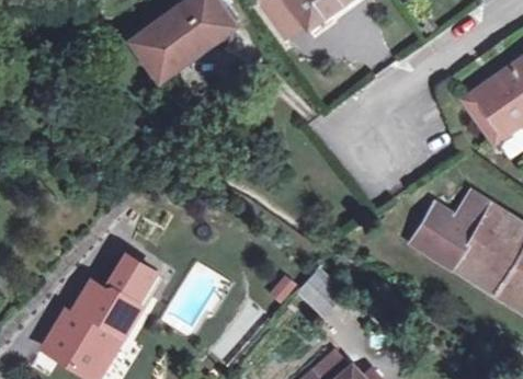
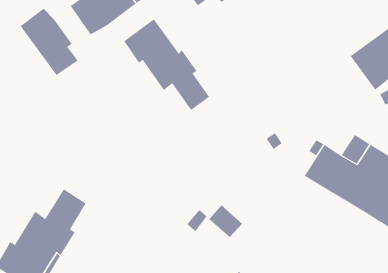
building: none -> [20,8,78,76]
building: none -> [123,19,210,111]

